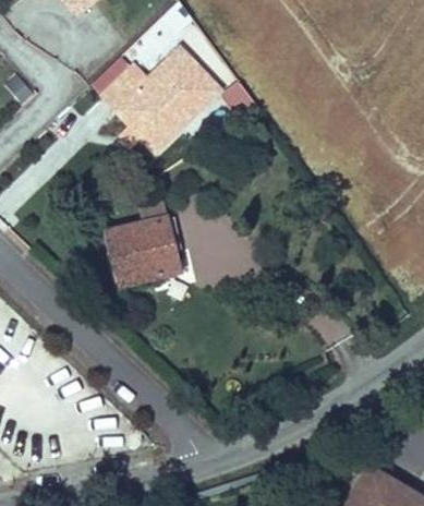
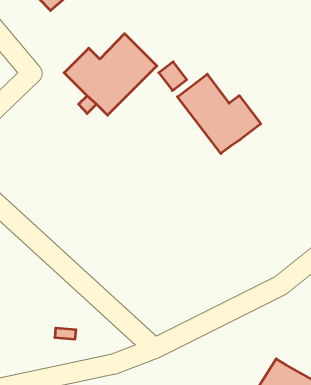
building: none -> [177,74,261,154]
building: [106,213,182,288] -> none

